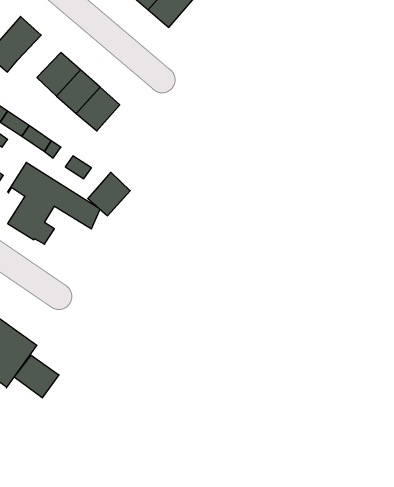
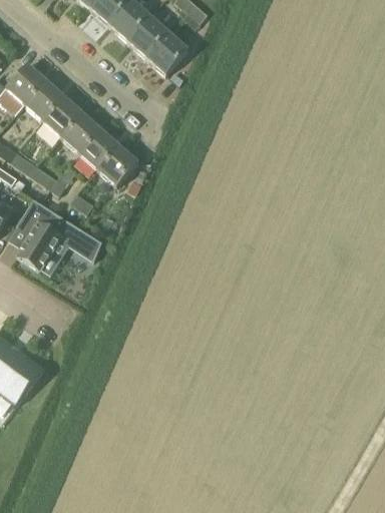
building: none -> [25,82,65,121]
building: [88,172,130,216] -> [98,146,137,186]
building: [14,355,59,398] -> none

